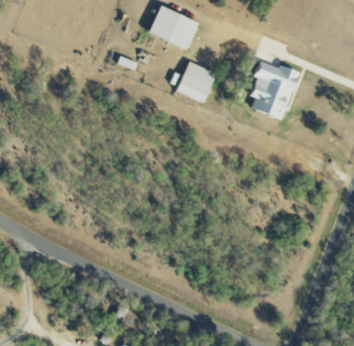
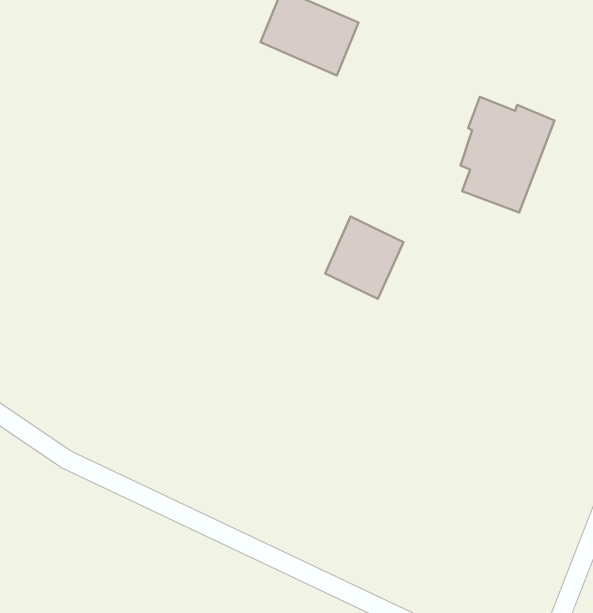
building: [175,61,216,103] -> [325,217,403,299]

